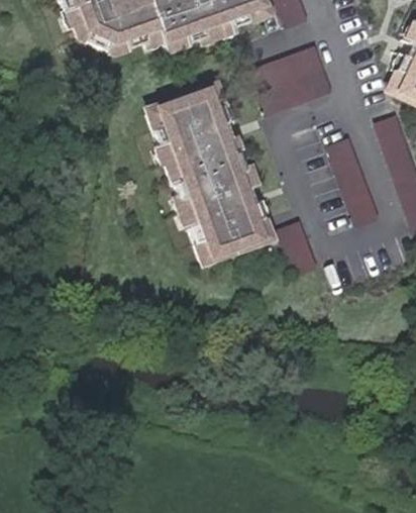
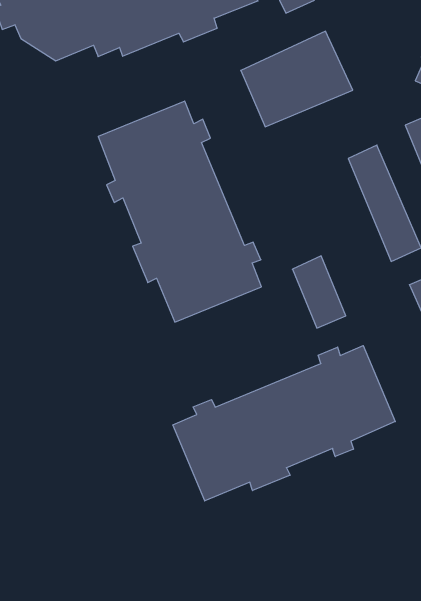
building: none -> [173,346,395,501]

